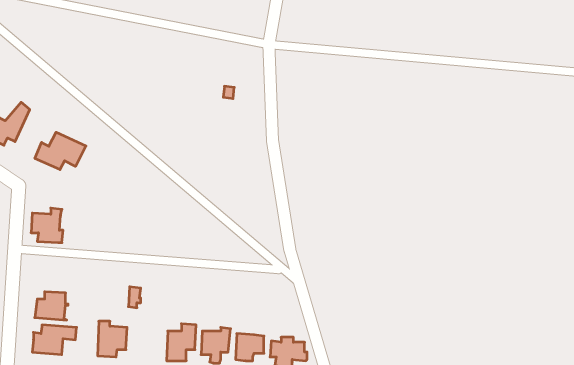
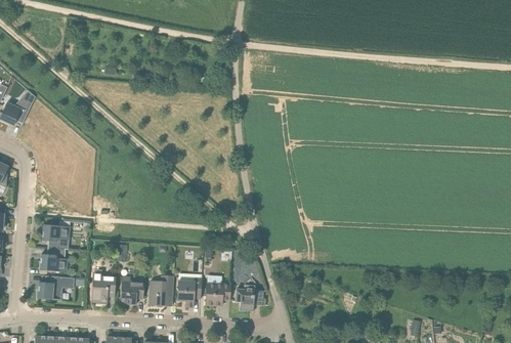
building: [35,132,86,170] -> none
building: [31,208,63,243] -> [42,220,69,249]
building: none -> [120,276,144,304]

